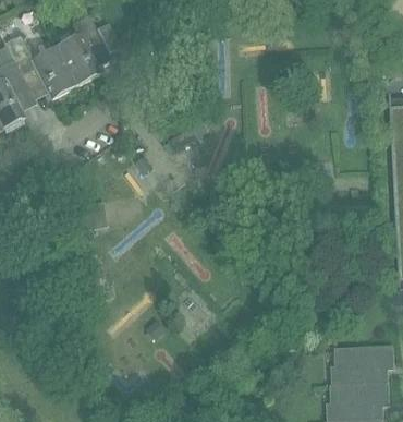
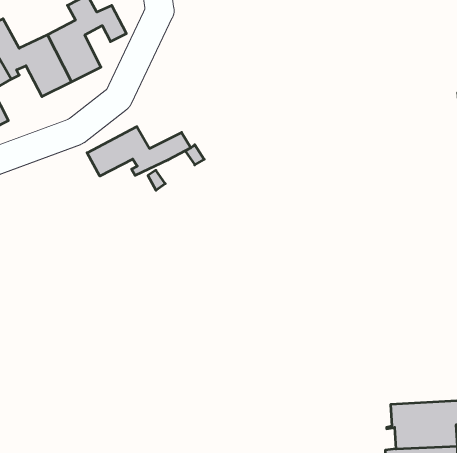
building: none -> [87,127,191,176]

